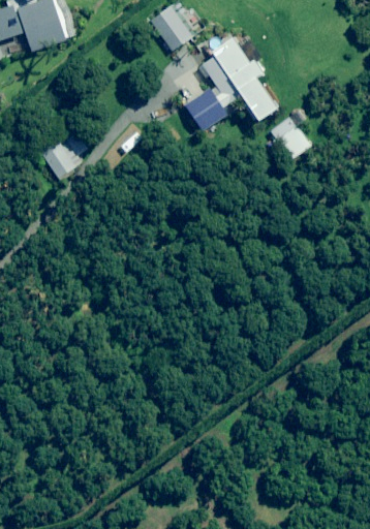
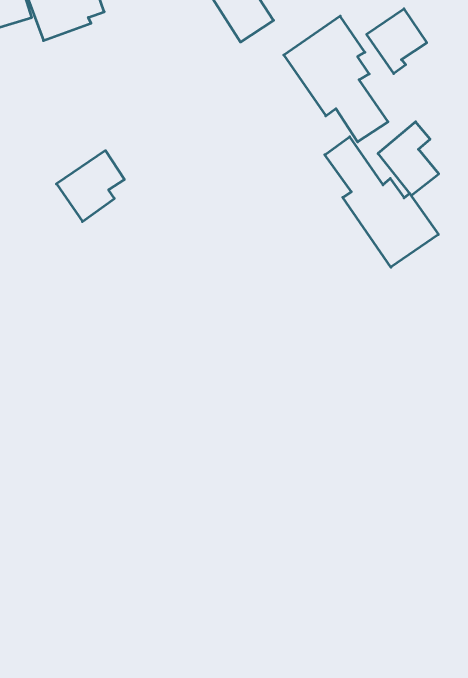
building: none -> [367,9,427,74]
building: [186,89,227,131] -> none
building: none -> [325,137,438,267]

